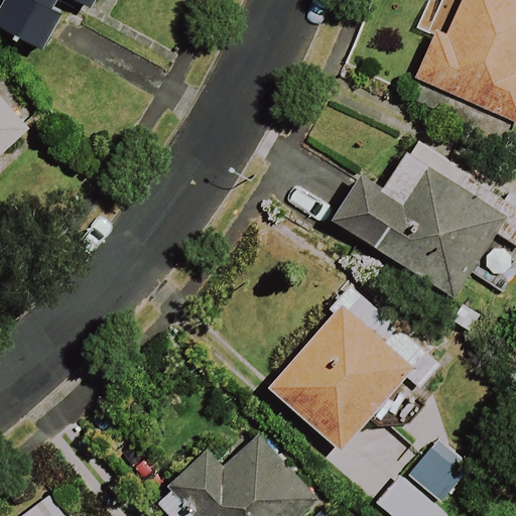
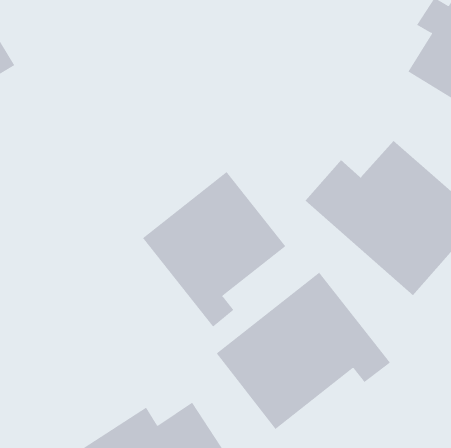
building: none -> [142,171,286,328]

